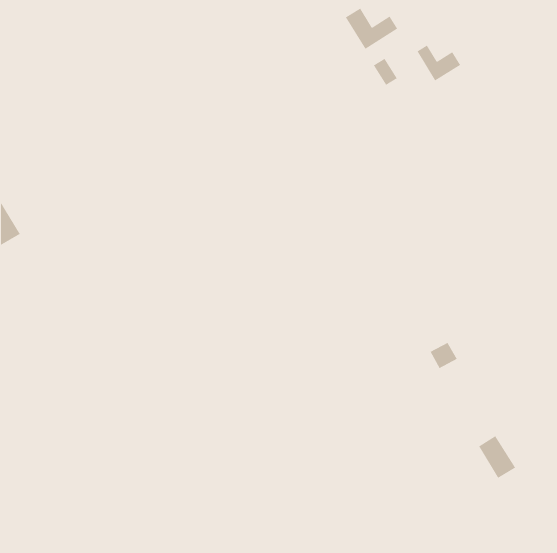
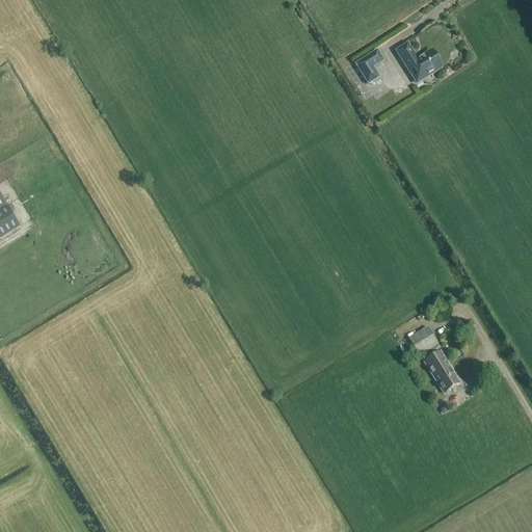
building: [345,7,398,50] -> none
building: [478,435,516,479] -> [424,349,460,391]

